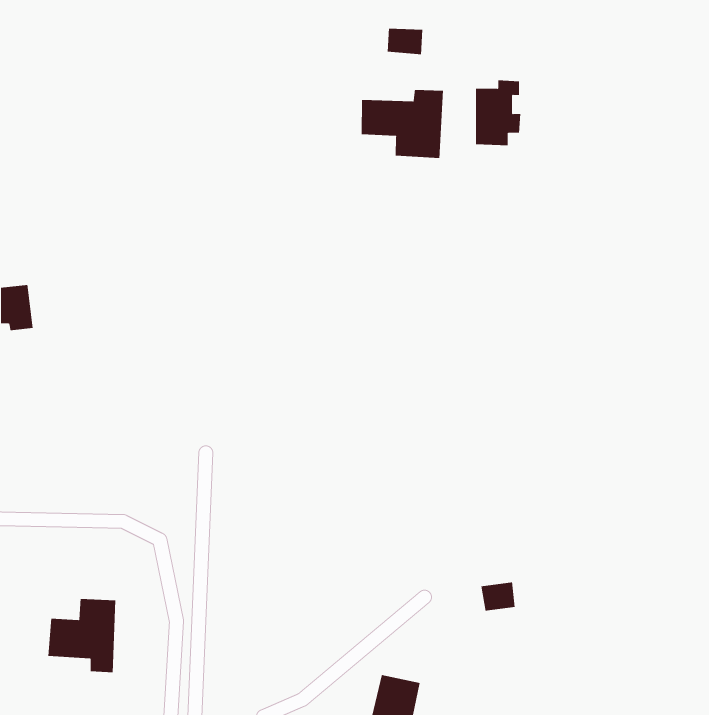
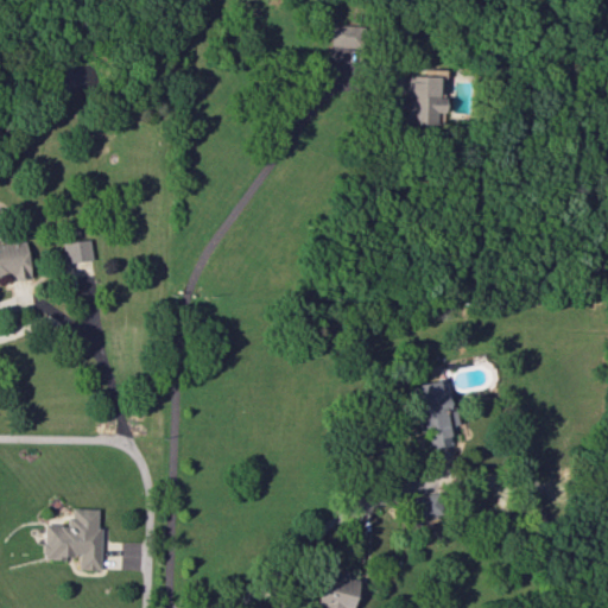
building: [361,89,444,159] -> none
building: none -> [66,240,96,264]
building: none -> [417,381,460,450]

